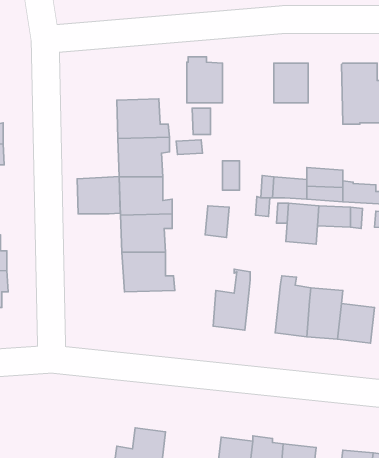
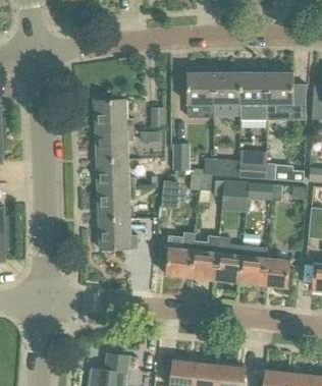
building: [187,57,222,103] -> [186,67,214,103]
building: none -> [240,72,267,119]
building: [77,177,120,214] -> none
building: none -> [192,235,220,280]

